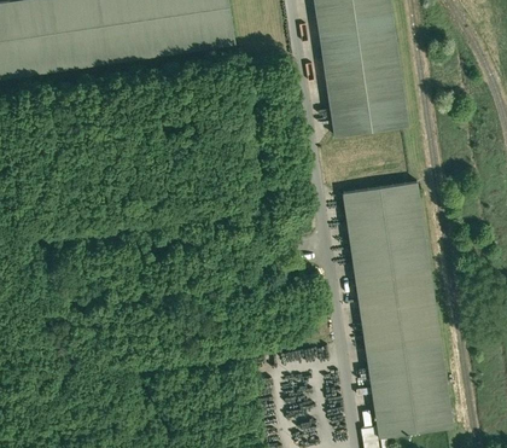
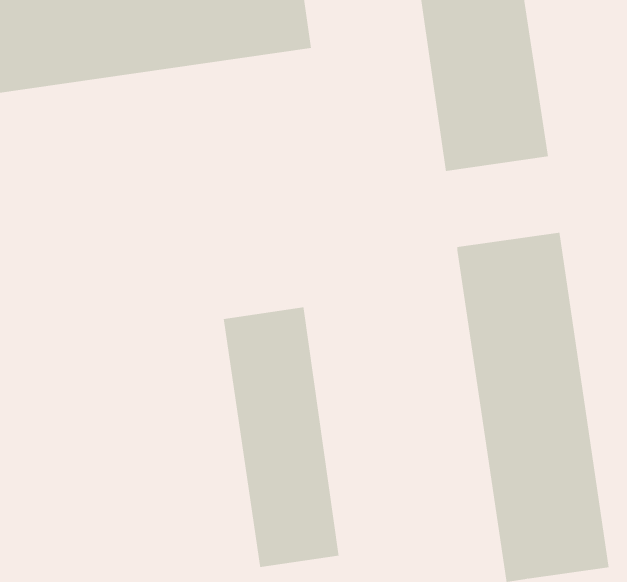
building: none -> [223,306,339,568]

